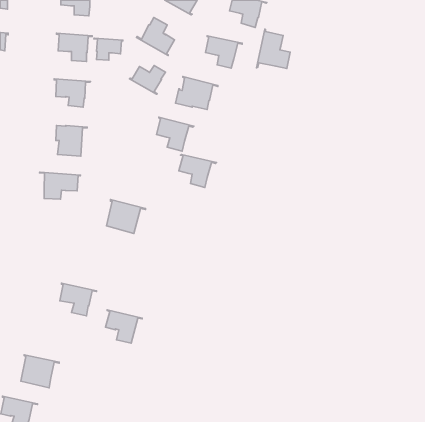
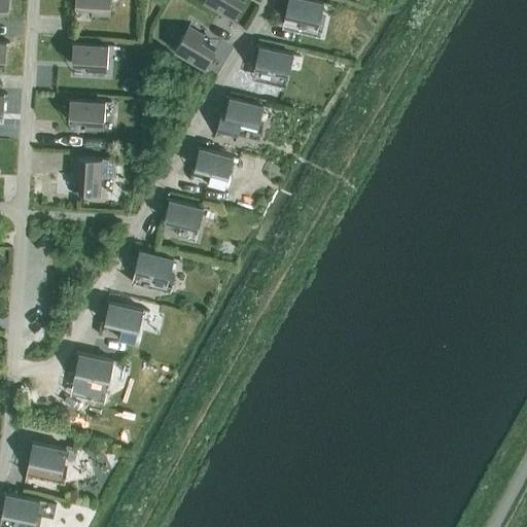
building: [256,29,290,69] -> none
building: [94,38,123,60] -> none
building: [130,66,165,94] -> none
building: [179,154,216,188] -> [164,201,210,242]
building: [40,172,80,199] -> none
building: [106,310,142,343] -> [104,303,149,344]

